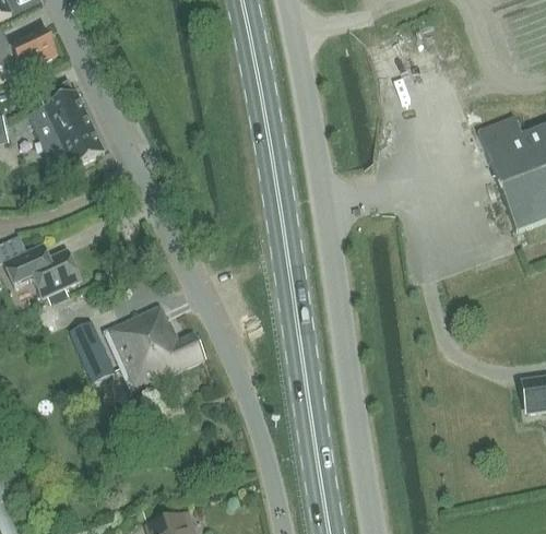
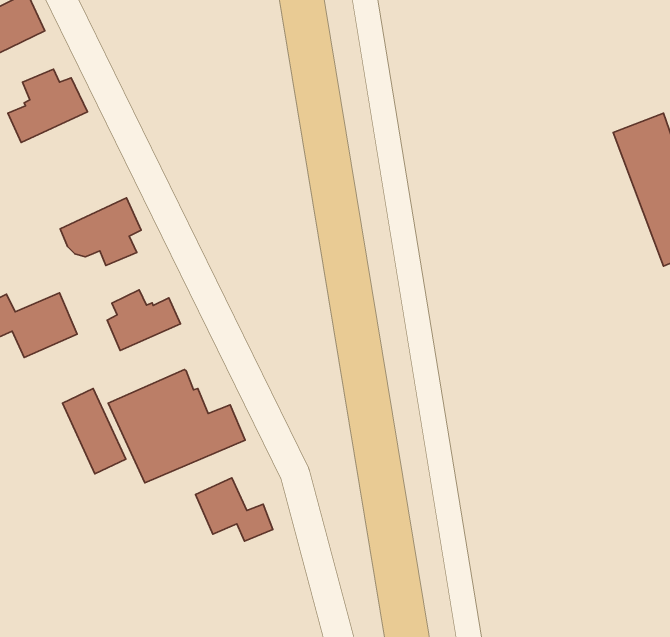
building: [39,115,99,165] -> [60,198,141,266]
building: none -> [107,290,181,350]
building: none -> [195,478,273,541]

